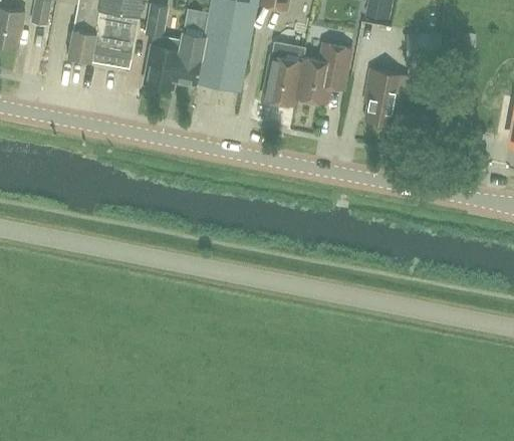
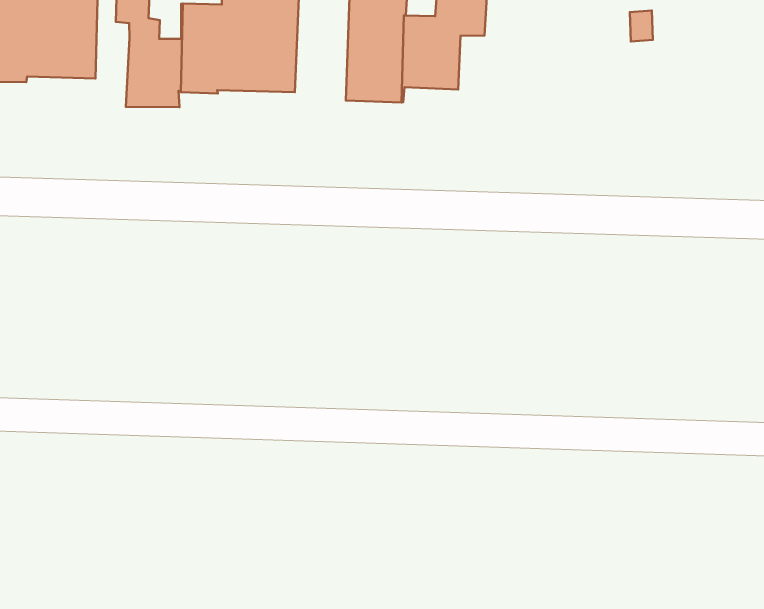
building: [365,69,411,128] -> none

